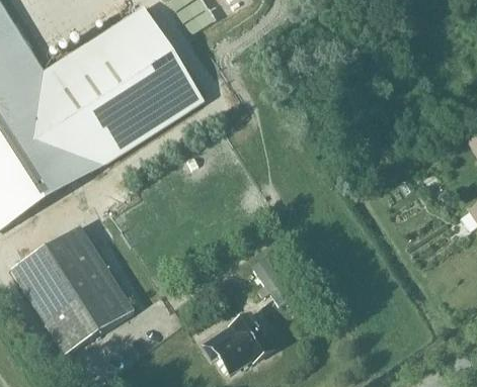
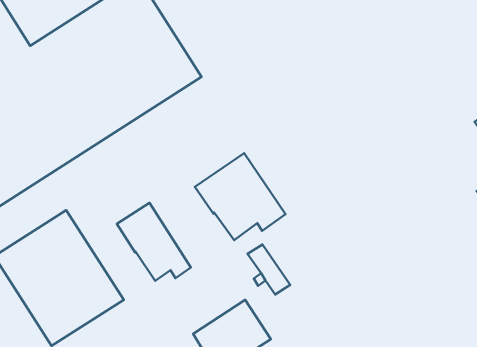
building: none -> [195,153,286,240]
building: none -> [117,203,191,281]

